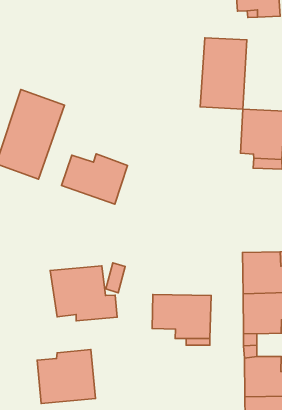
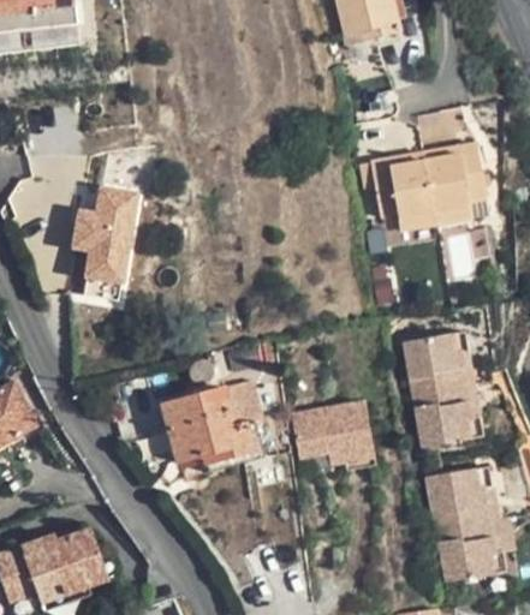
building: [200,38,247,109] -> none
building: [62,154,128,204] -> none
building: [37,350,95,404] -> none

